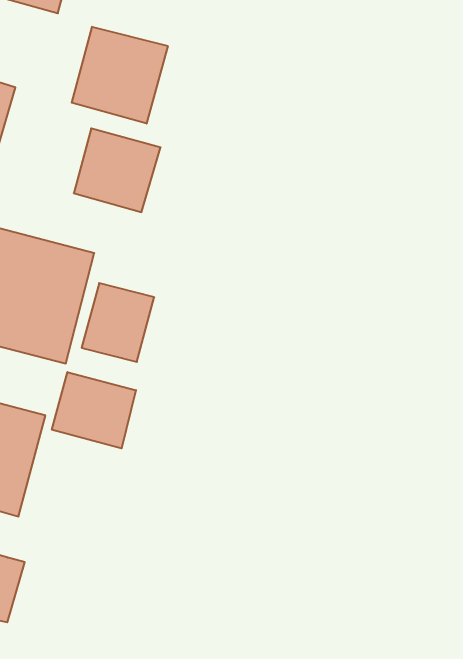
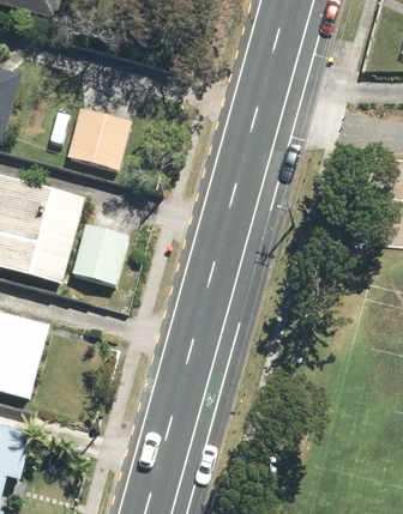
building: [72,27,168,124] -> none
building: [52,372,136,448] -> none

